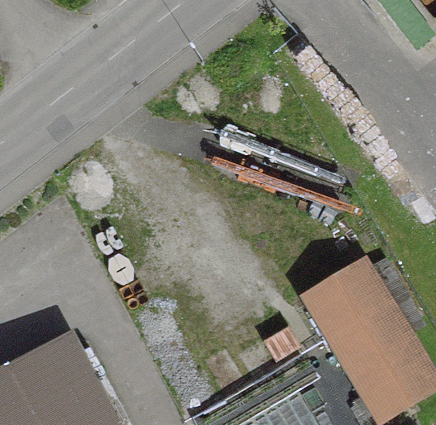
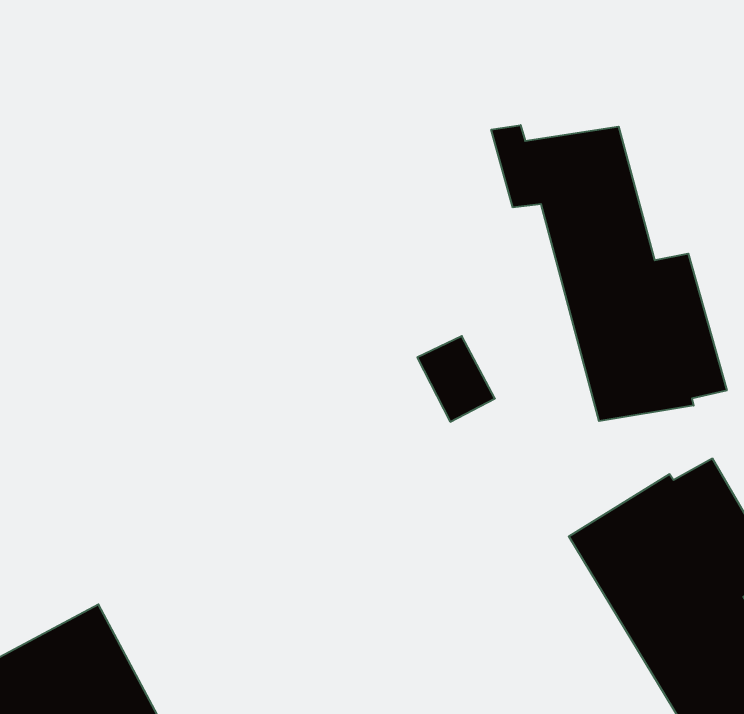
building: none -> [491,125,727,421]

